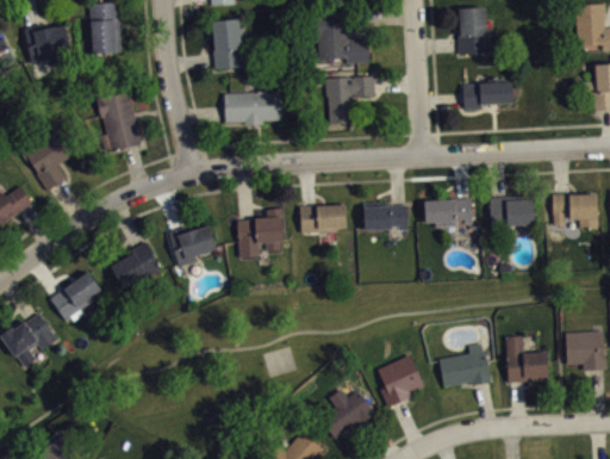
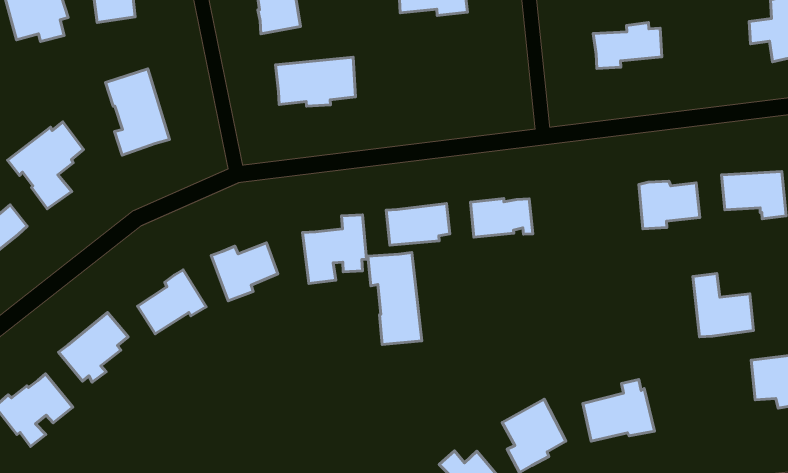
building: [328,76,375,124] -> none
building: [424,198,473,227] -> none
building: none -> [368,252,422,344]
building: [505,336,548,383] -> [693,274,754,337]

